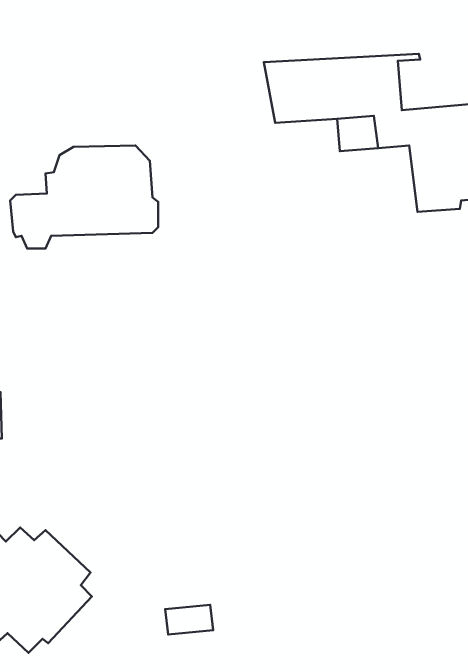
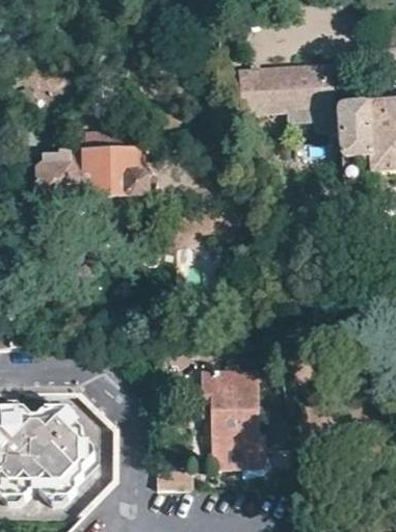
building: none -> [203,371,270,469]

